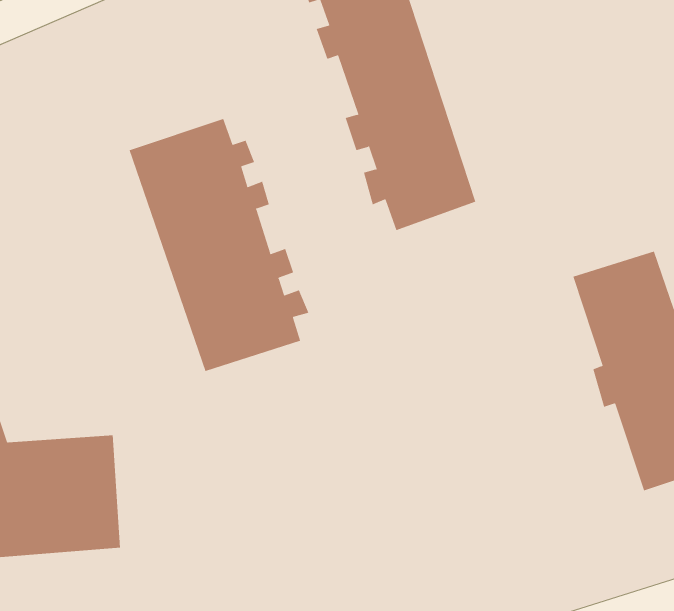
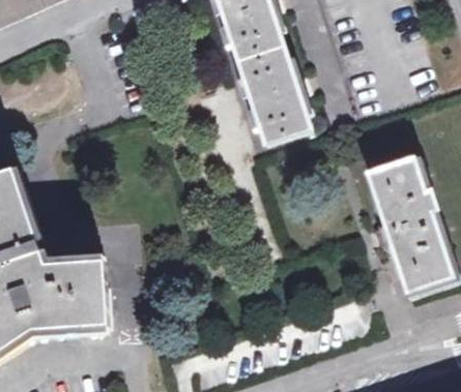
building: [129,118,309,372] -> none

